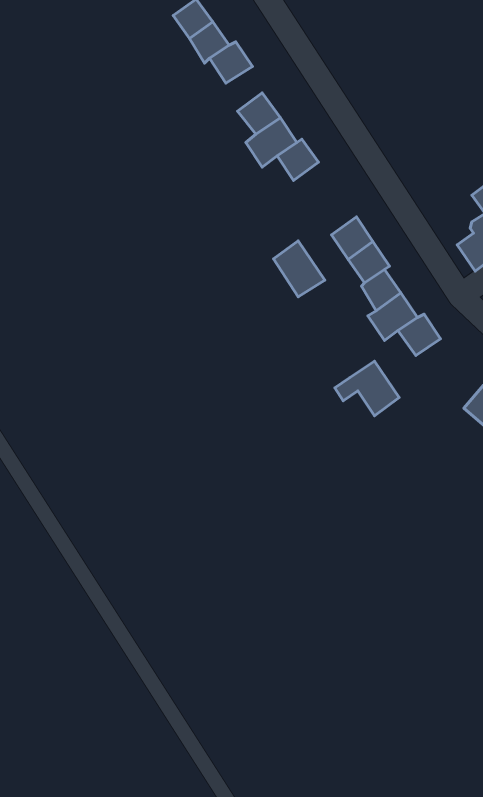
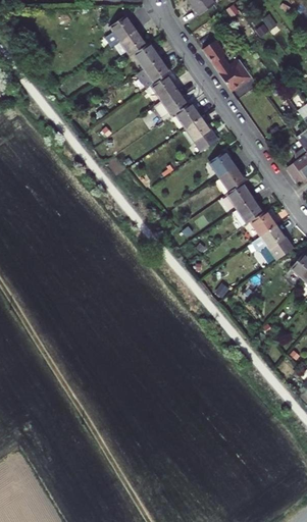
building: none -> [202,42,251,92]
building: none -> [137,58,169,89]
building: [274,241,325,297] -> [186,117,217,152]
building: [335,361,399,416] -> [252,226,292,260]

